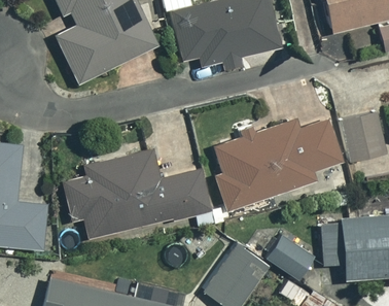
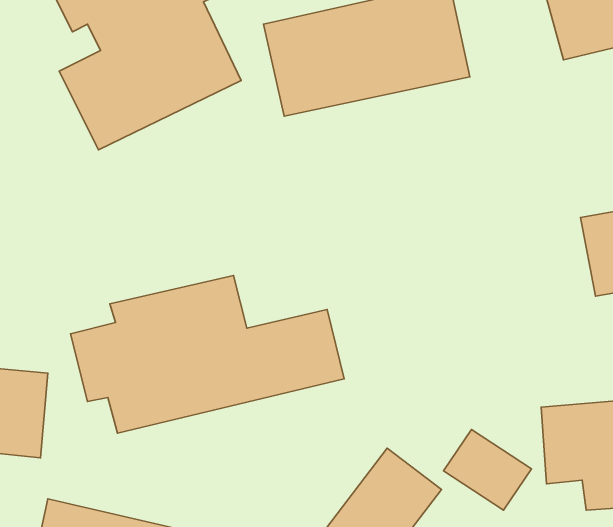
building: [213,118,346,210] -> none

